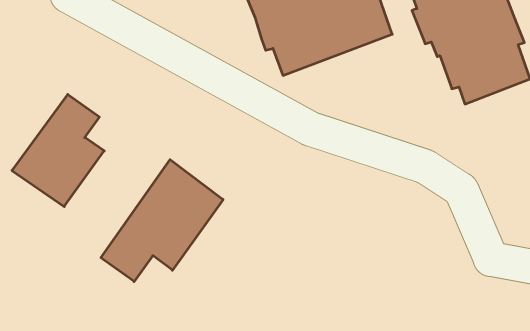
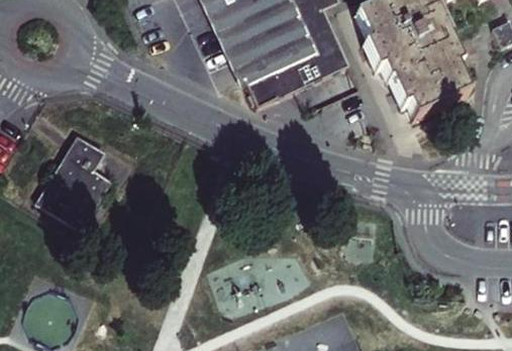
building: [101,160,223,282] -> none

